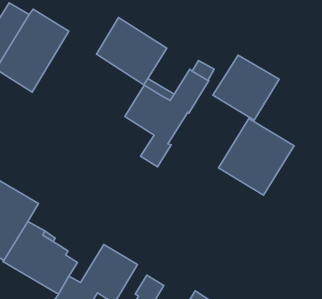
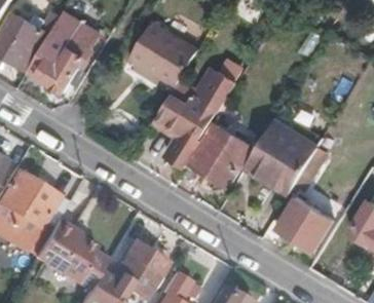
building: [213,55,279,120] -> [190,122,255,186]
building: none -> [275,148,334,251]

